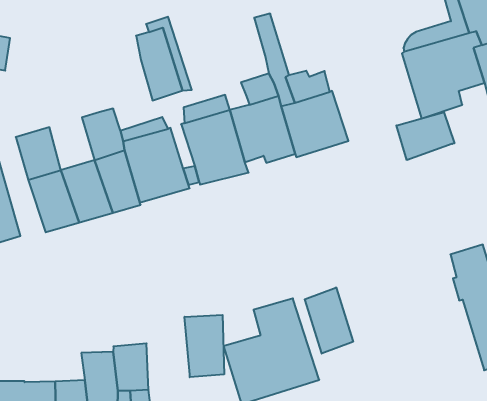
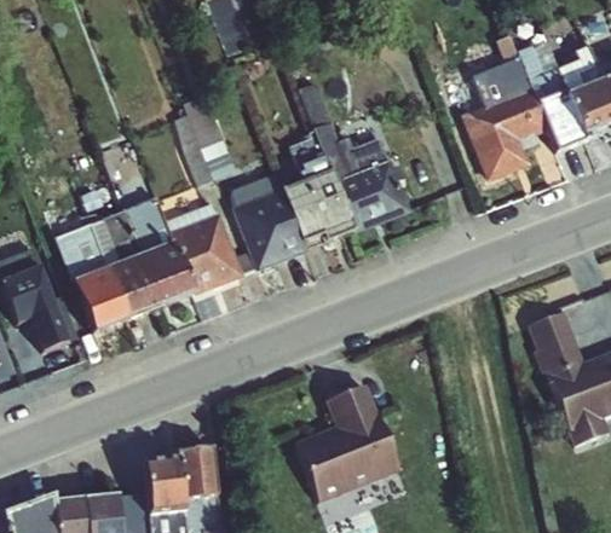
building: [396,112,454,160] -> none
building: none -> [90,209,140,267]
building: [305,287,353,354] -> none
building: [185,315,224,377] -> none

